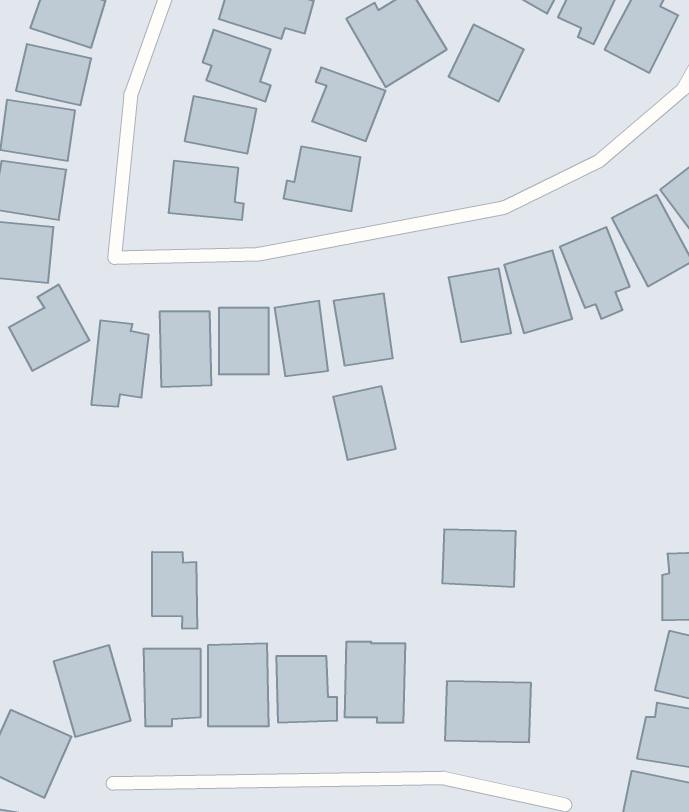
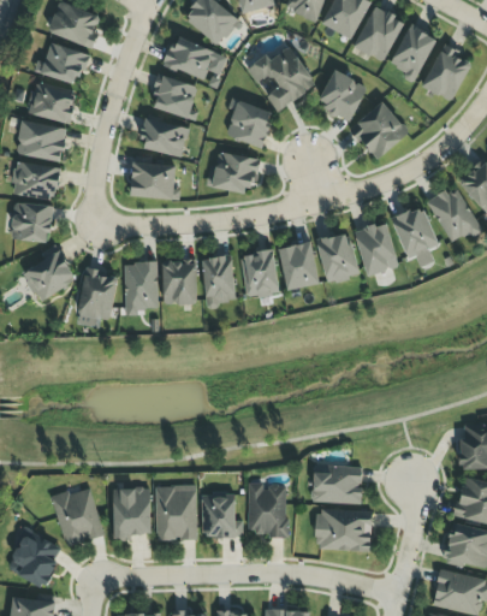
building: none -> [349,101,409,160]
building: [333,386,396,460] -> [278,242,320,291]
building: [442,529,516,587] -> [313,466,362,504]
building: [152,552,197,629] -> none

